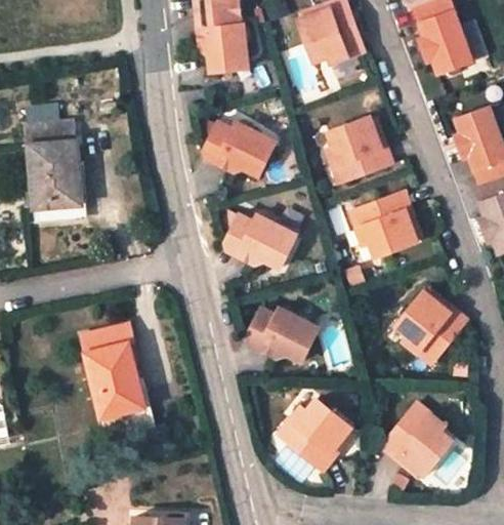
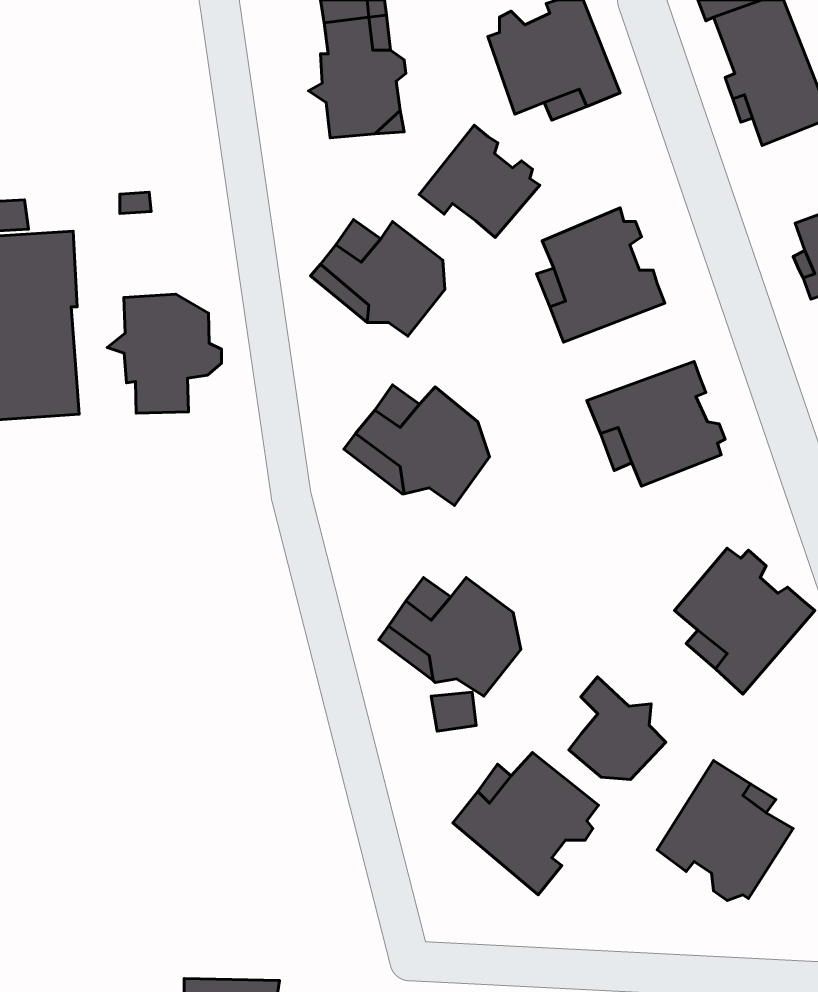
building: none -> [419,125,540,237]
building: none -> [107,294,222,413]
building: [83,326,148,433] -> none
building: none -> [569,677,666,780]

